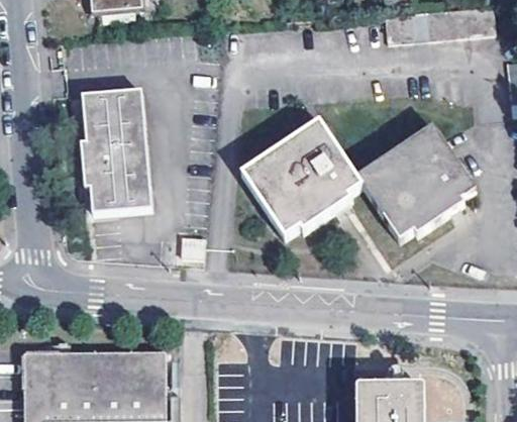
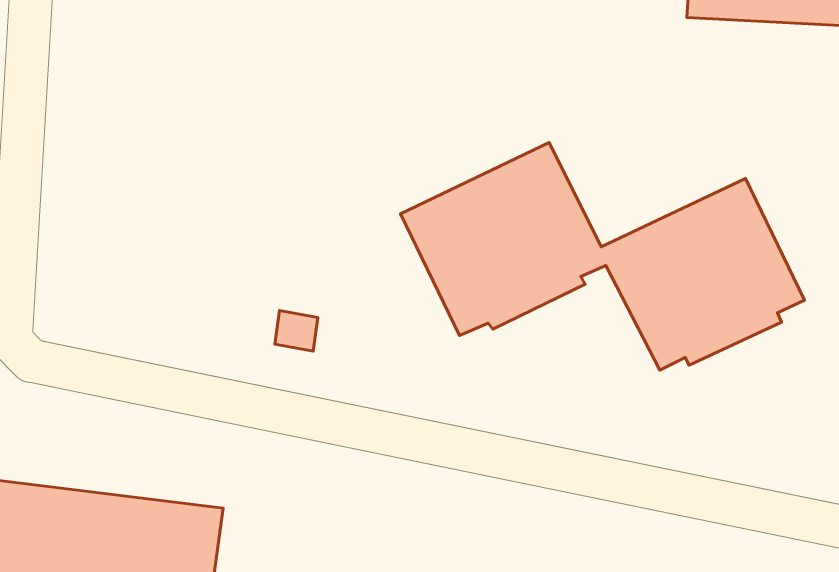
building: [81,90,150,213] -> none

